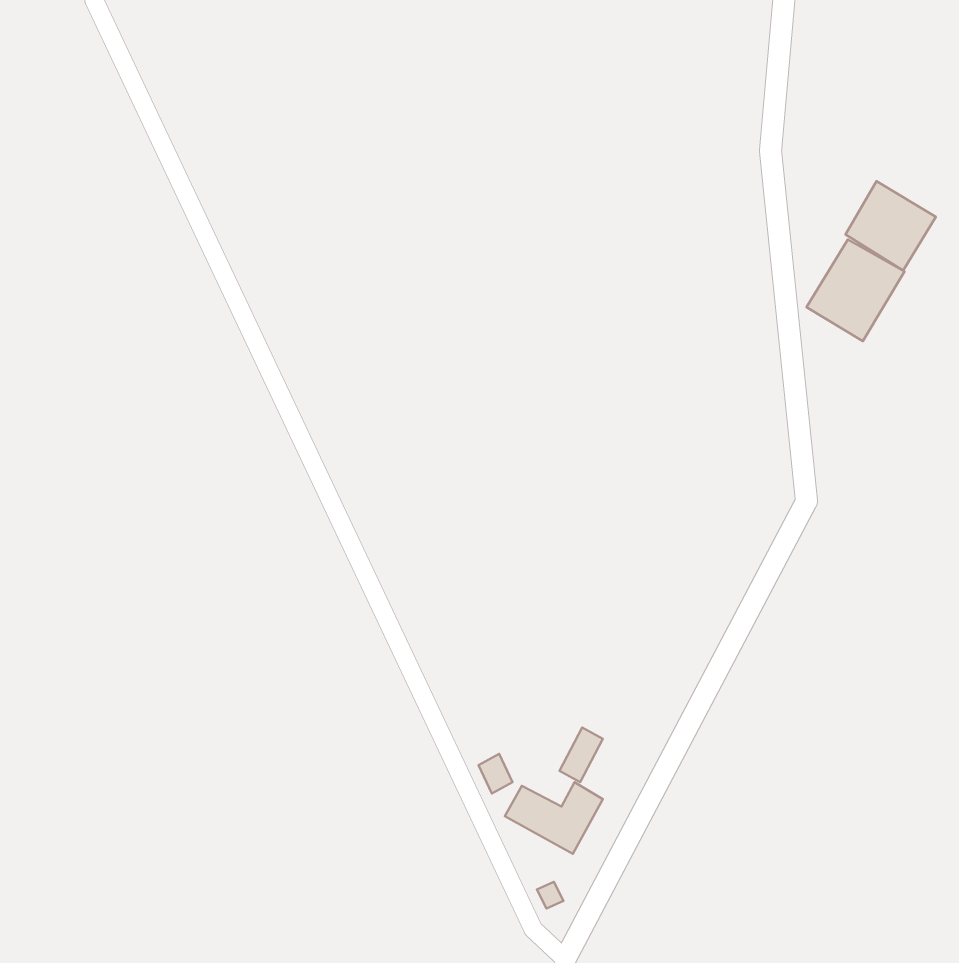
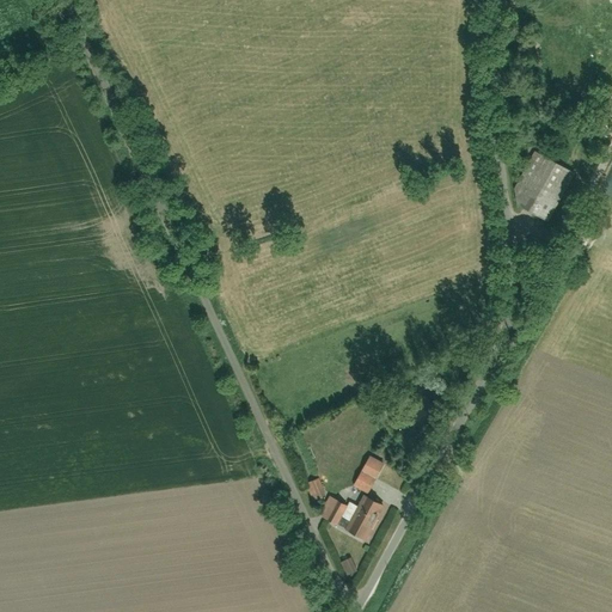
building: [845,181,936,271] -> none

